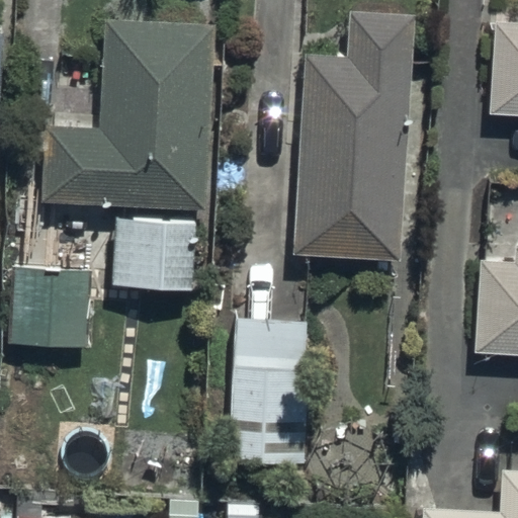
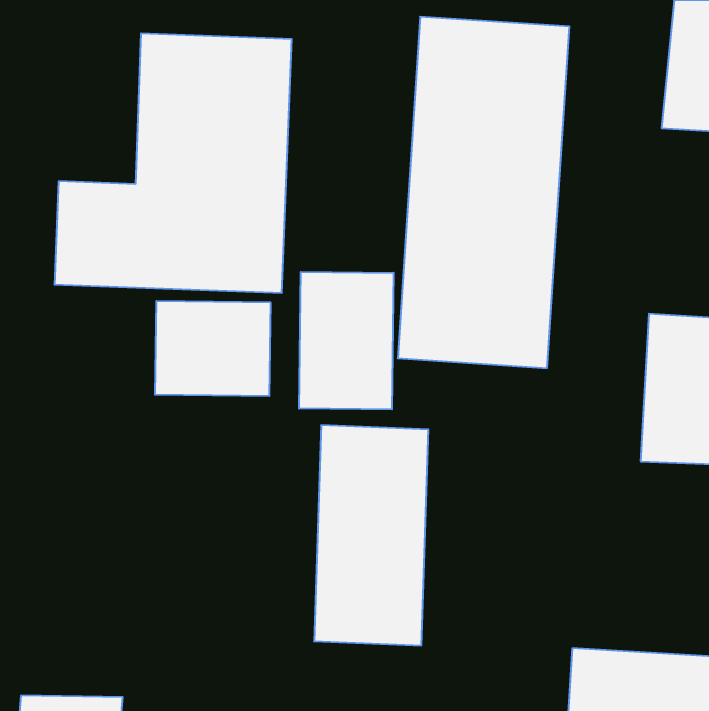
building: none -> [299,272,394,409]
building: [8,264,91,343] -> none

